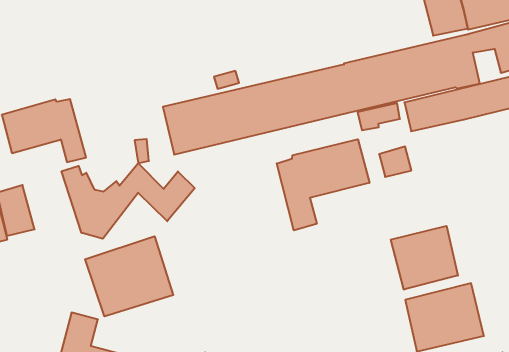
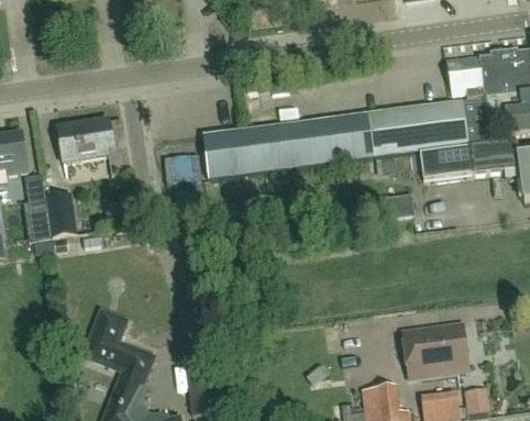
building: [277,139,369,230] -> none
building: [62,163,195,239] -> none
building: [391,226,458,290] -> none
building: [85,236,173,316] -> none

